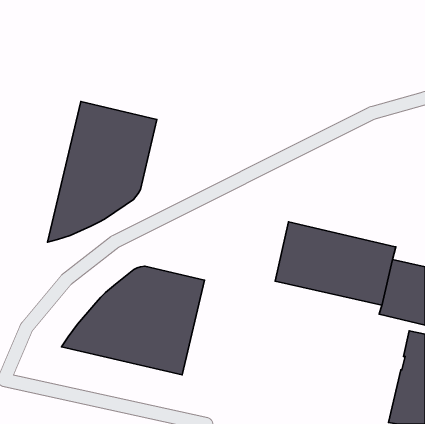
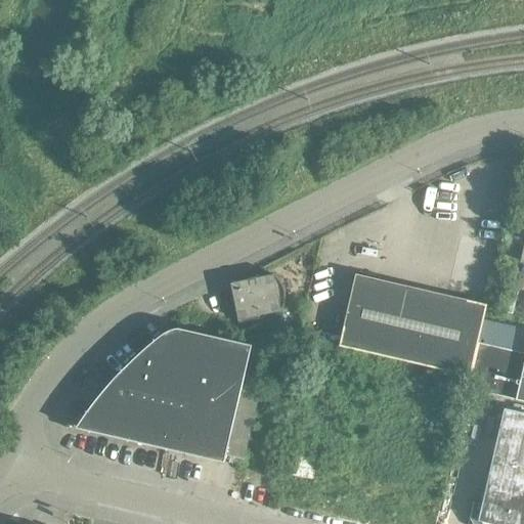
building: [47,102,157,242] -> none
building: none -> [230,270,286,322]

